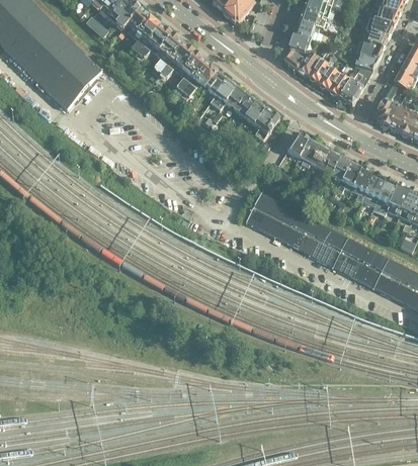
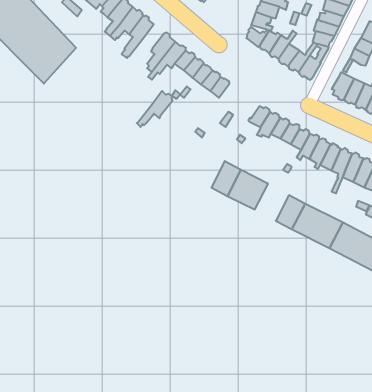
building: [157,45,195,84] -> [137,91,173,127]
building: [253,109,278,139] -> none
building: [292,216,329,256] -> none

